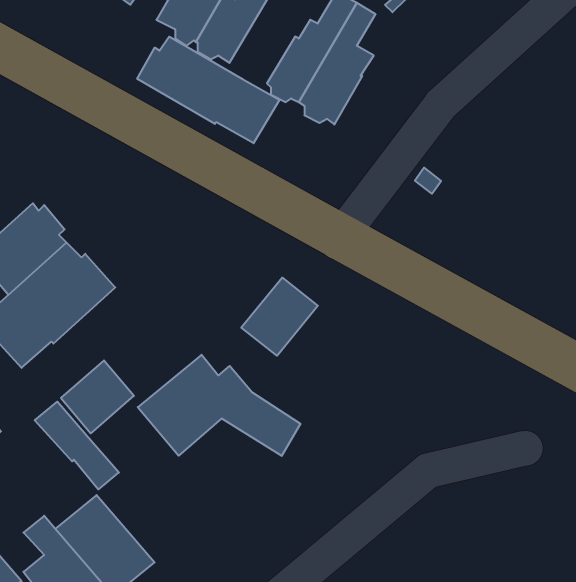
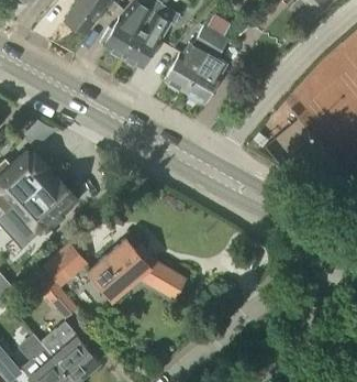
building: [137,37,280,143] -> none
building: [241,278,318,356] -> none

